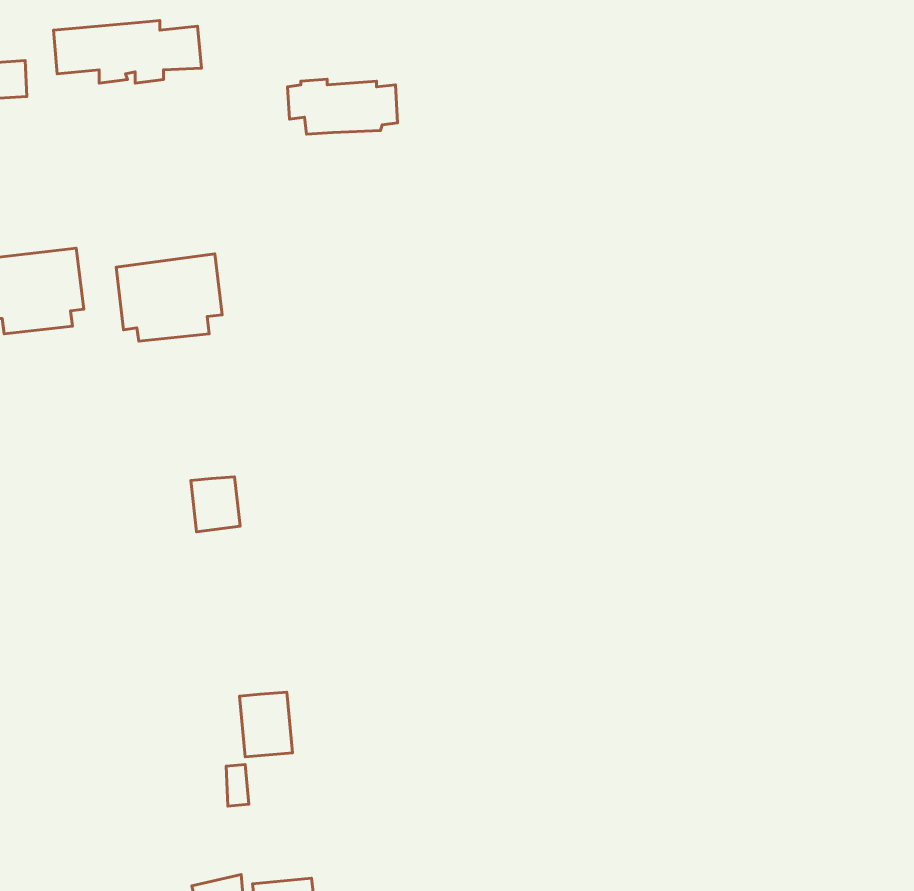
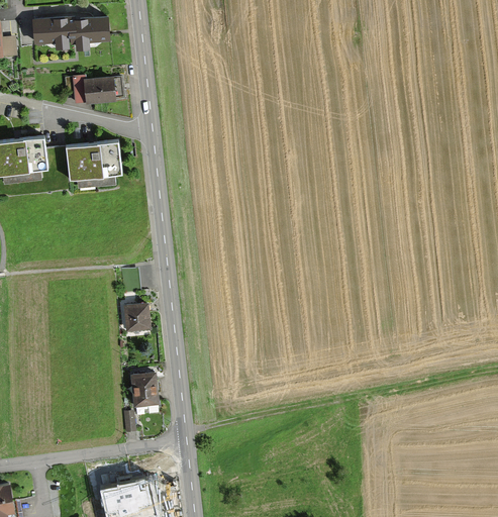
building: [287,79,397,134] -> [65,75,123,104]
building: [191,477,240,532] -> [123,303,150,332]

